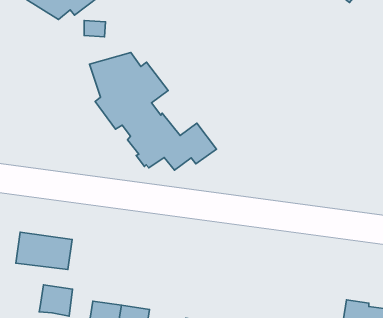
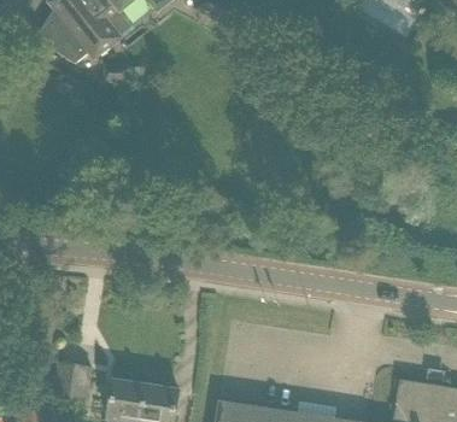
building: [90,53,216,170] -> none
building: [16,232,72,270] -> none

